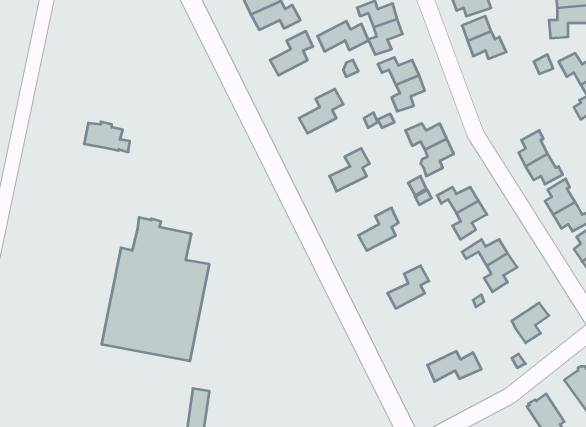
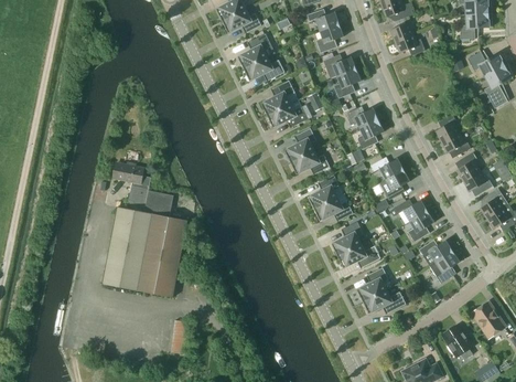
building: [317,21,369,51] -> [244,56,284,81]
building: none -> [267,103,309,127]
building: [84,122,130,152] -> [115,161,151,185]
building: none -> [290,149,330,173]
building: none -> [314,197,353,221]
building: none -> [419,240,452,265]
building: none -> [337,243,380,267]
building: none -> [356,266,389,300]

